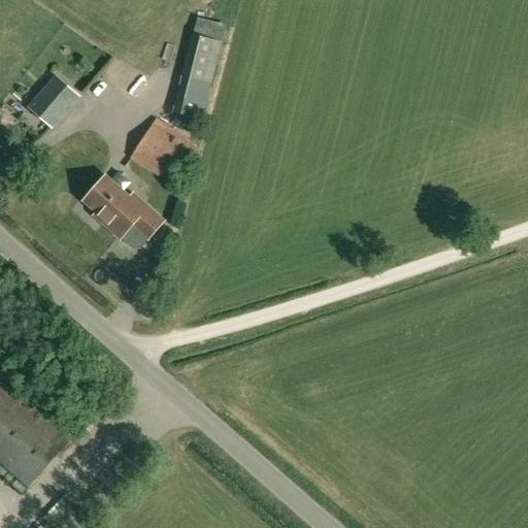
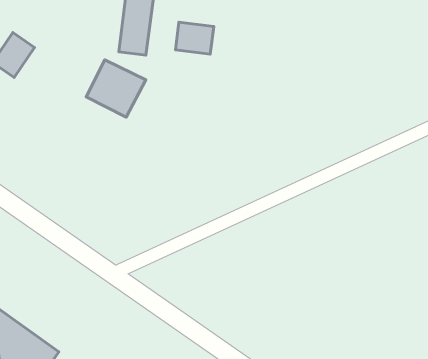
building: none -> [175,22,214,54]
building: [86,174,164,236] -> none

